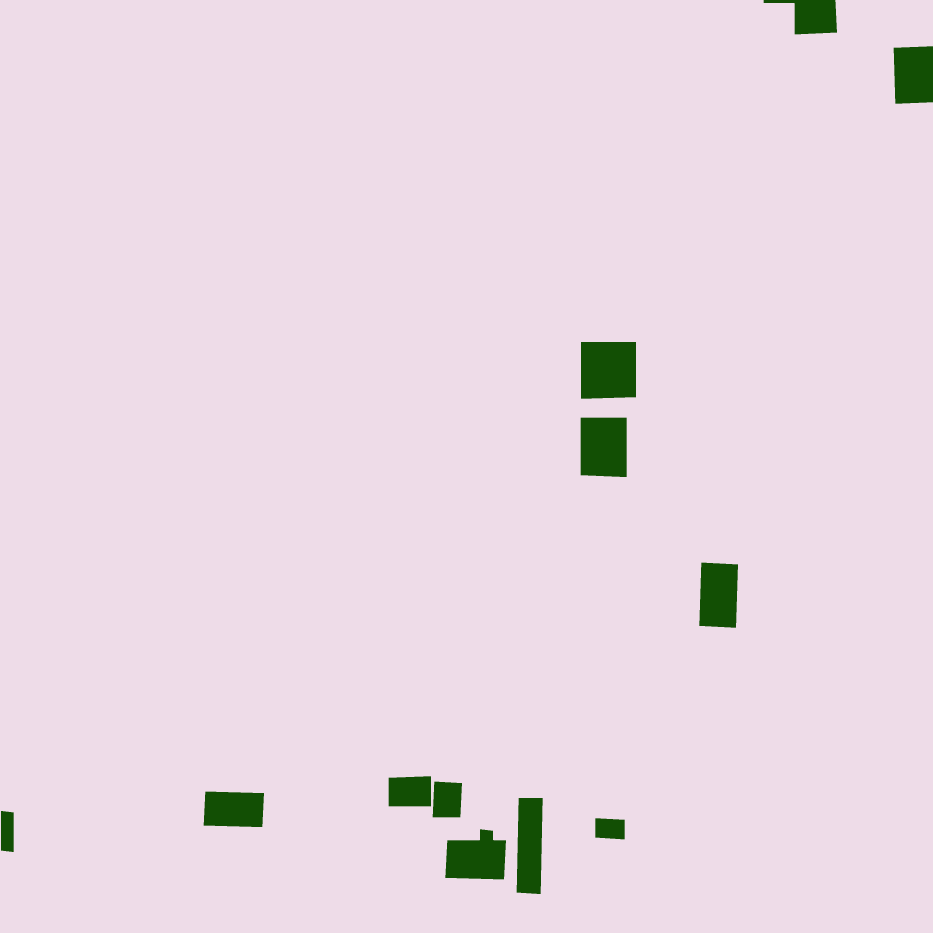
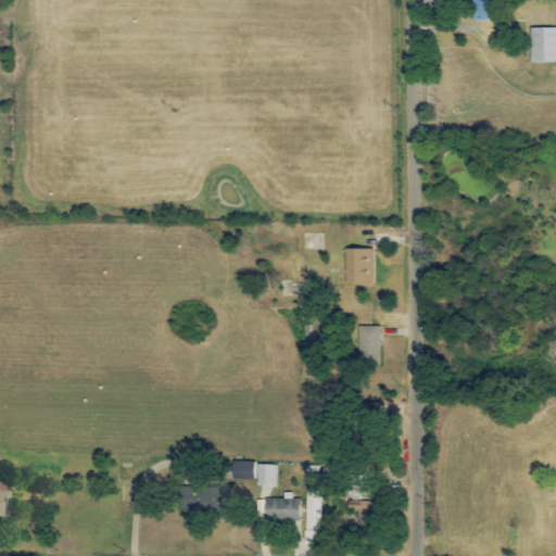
building: [581,341,637,400] -> none
building: [699,562,739,628] -> [357,326,381,365]
building: [203,791,265,828] -> [180,489,217,510]

